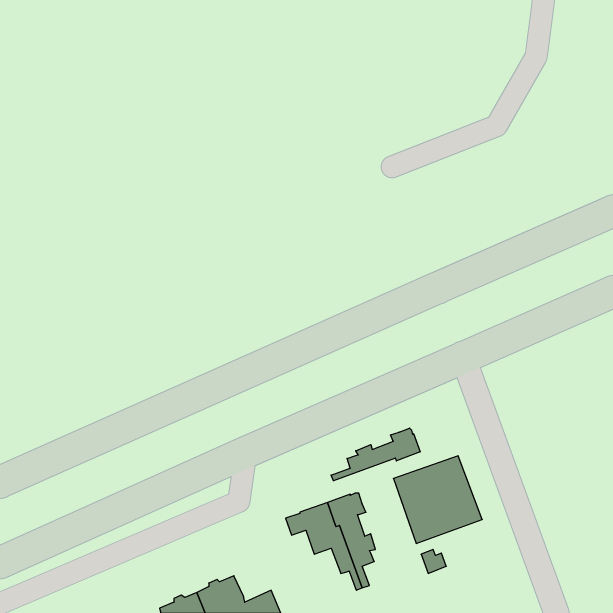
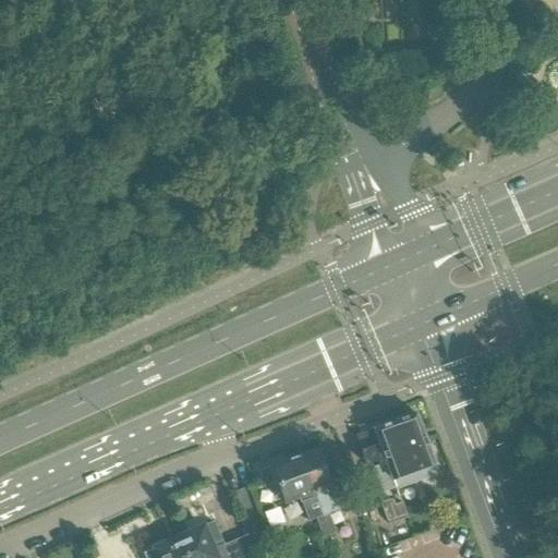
building: [331,428,420,481] -> none

